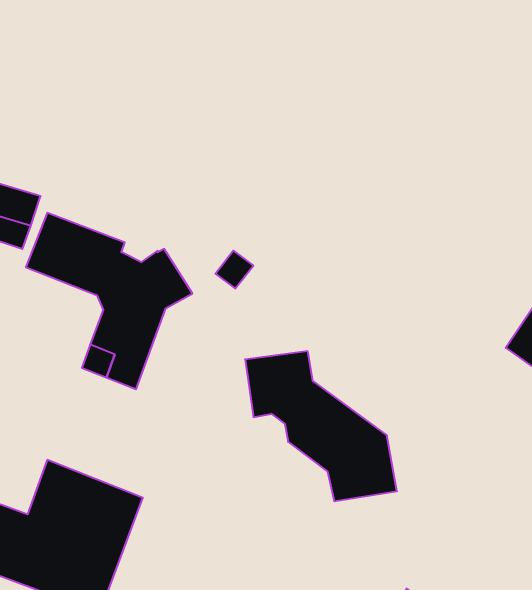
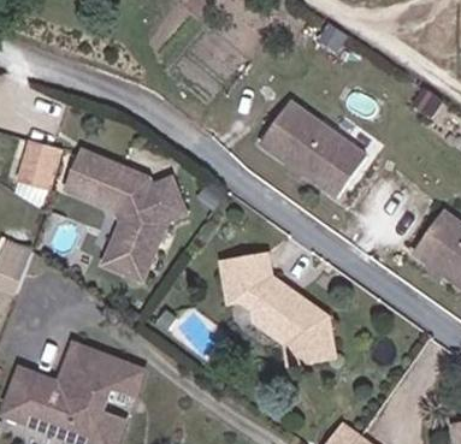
building: none -> [258,100,366,199]

